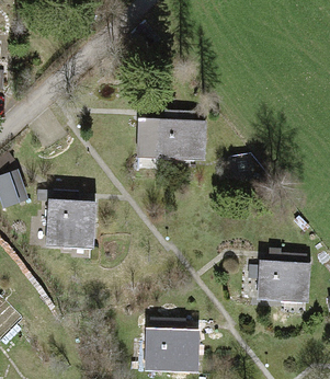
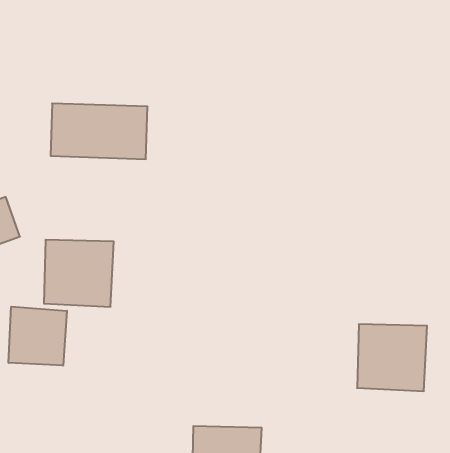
building: [139,118,206,157] -> [51,103,148,159]
building: none -> [9,307,67,366]

